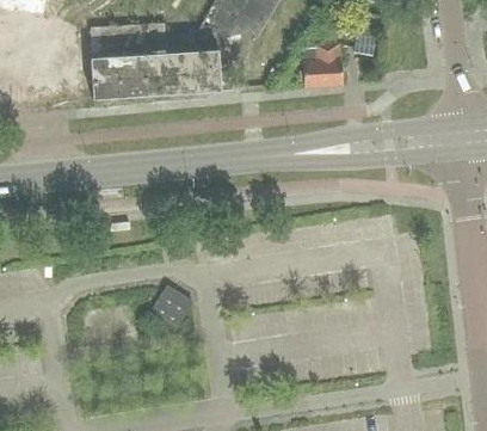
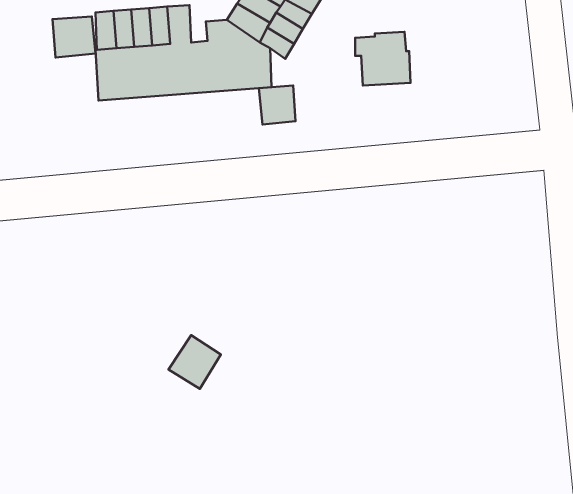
building: none -> [53,16,96,58]
building: none -> [259,85,296,125]

